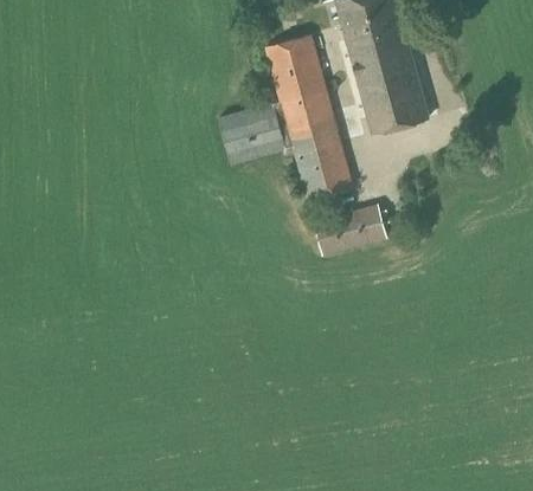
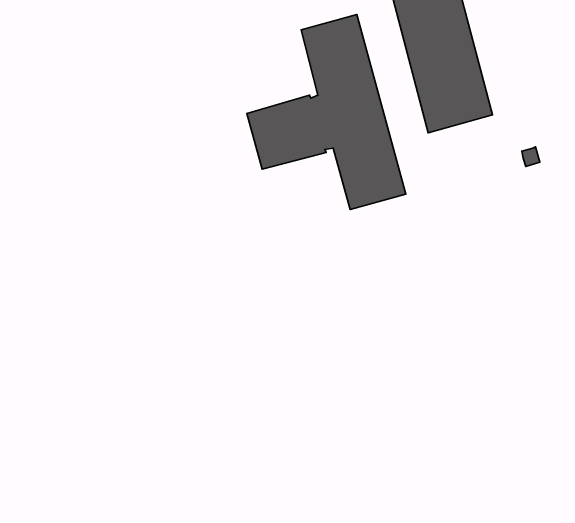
building: [313,205,387,256] -> none

